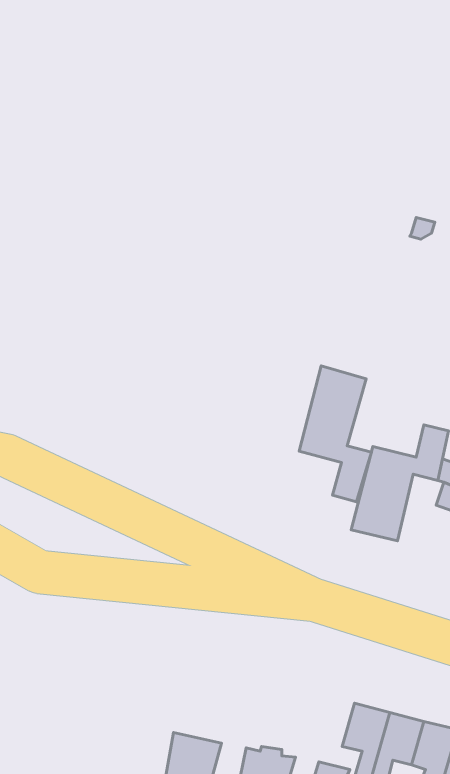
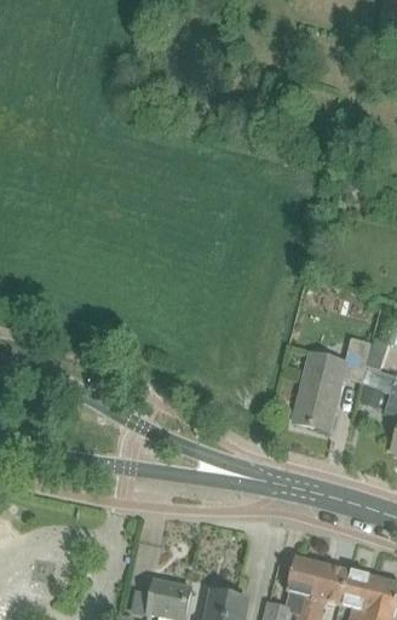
building: [299,366,371,502] -> none

